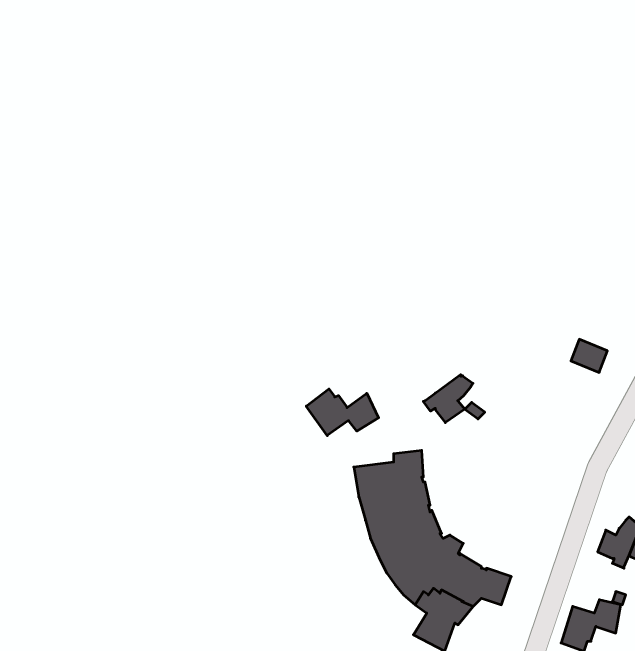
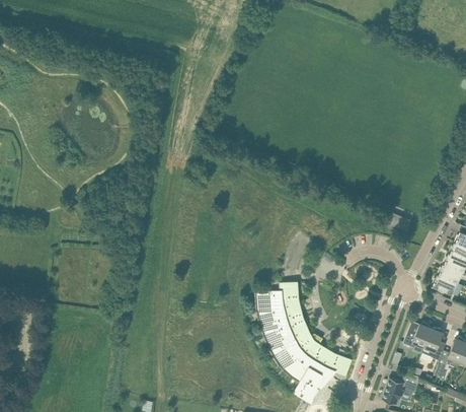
building: [423,375,473,423] -> none
building: [306,389,379,436] -> none

